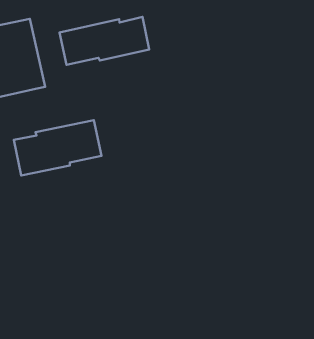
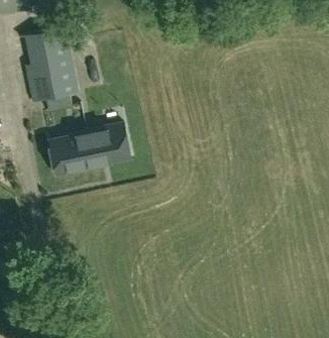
building: [60,17,149,65] -> none

